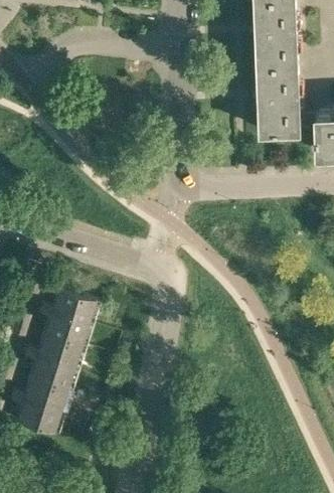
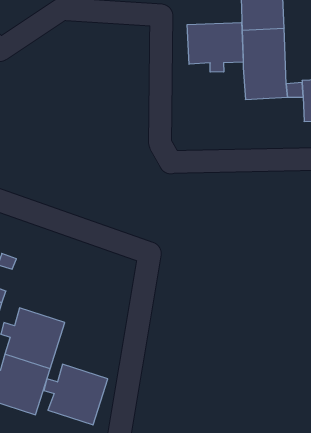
building: none -> [187,22,243,72]
building: [39,294,101,352] -> [44,364,108,425]

